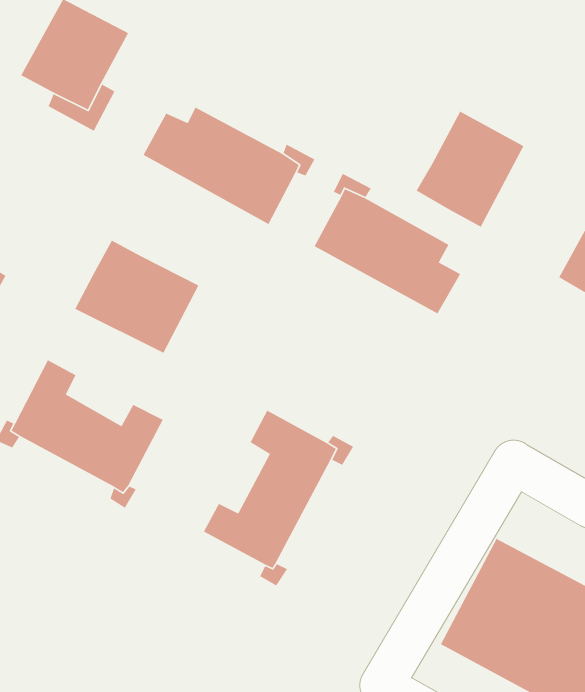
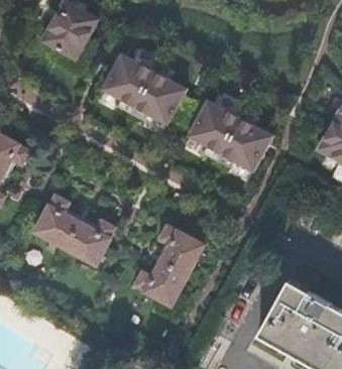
building: [416,110,524,228] -> none
building: [74,239,199,354] -> none

